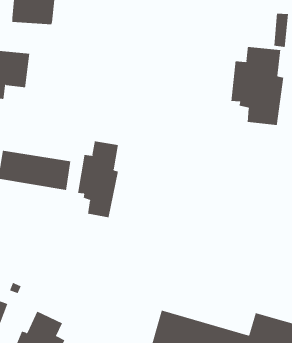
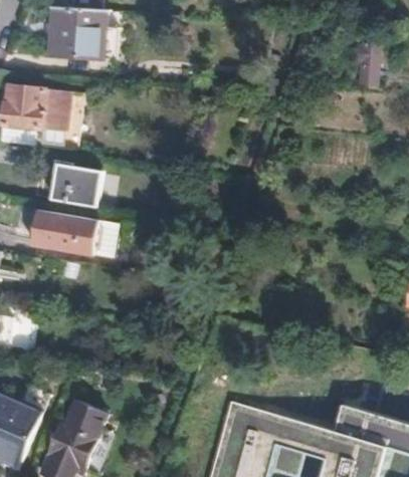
building: [231,46,284,126] -> none
building: none -> [50,162,98,206]
building: [77,141,119,218] -> none

